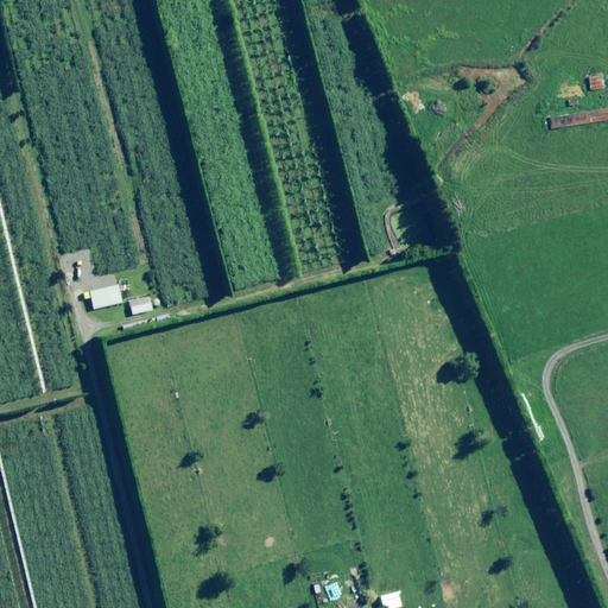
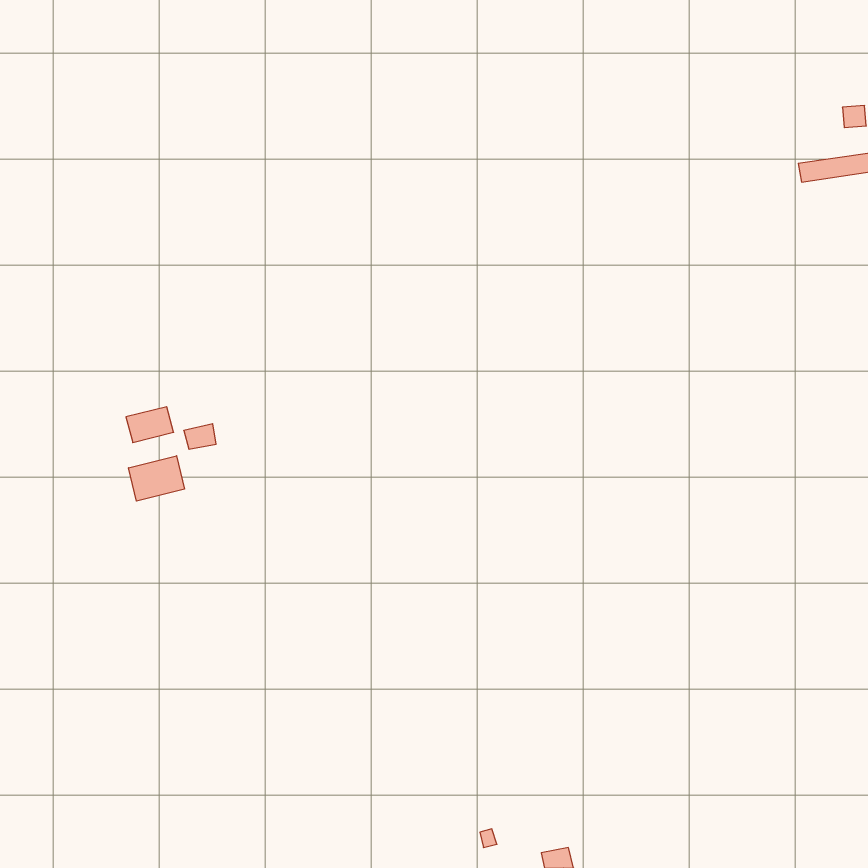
building: none -> [129,456,184,501]

